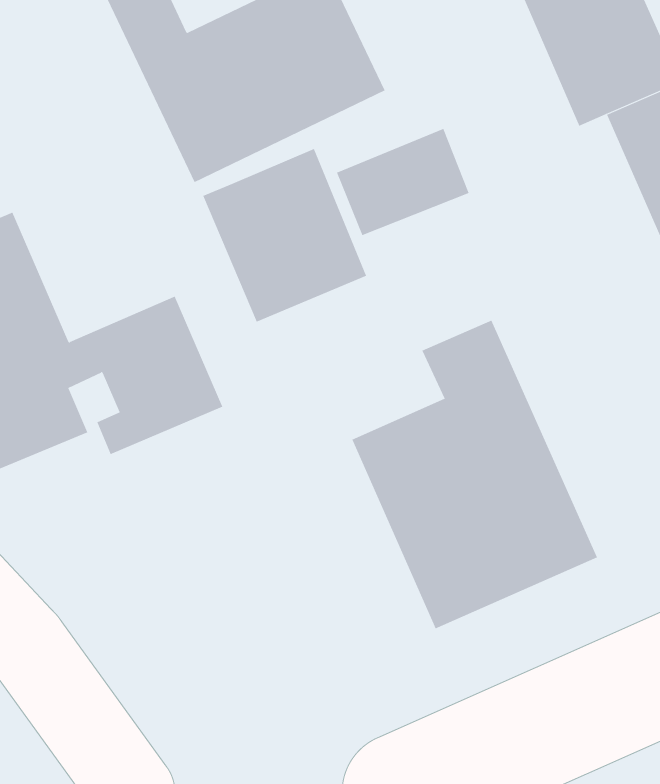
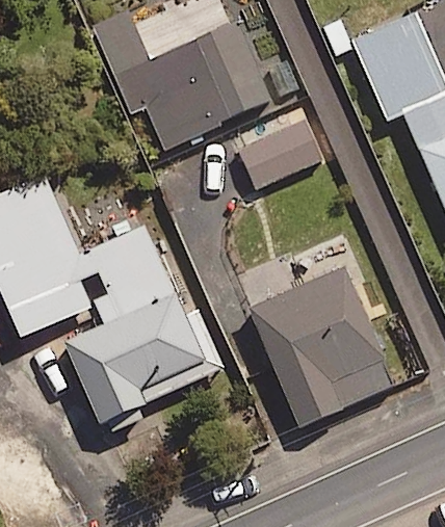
building: [202,148,367,323] -> none
building: none -> [62,291,224,419]

